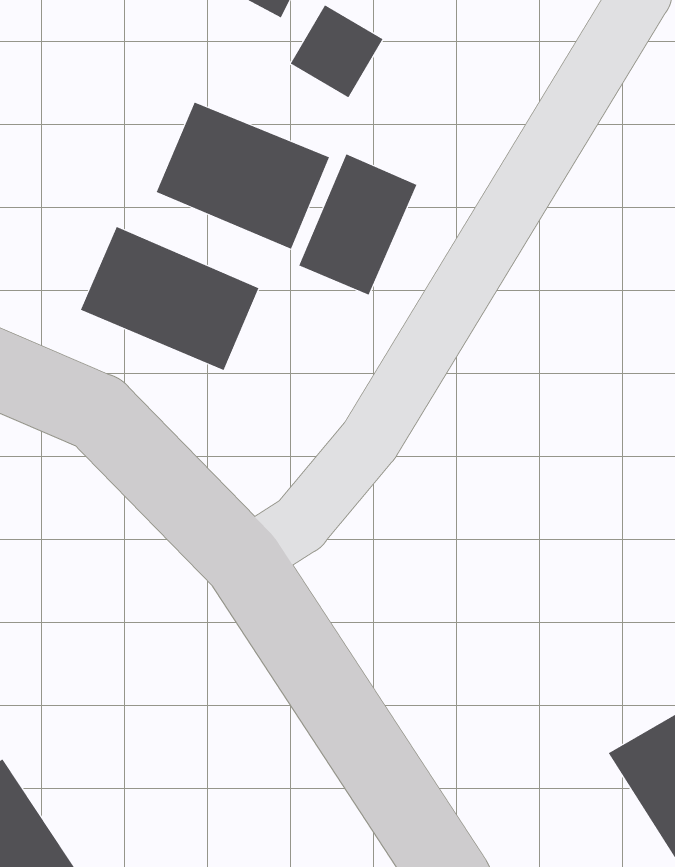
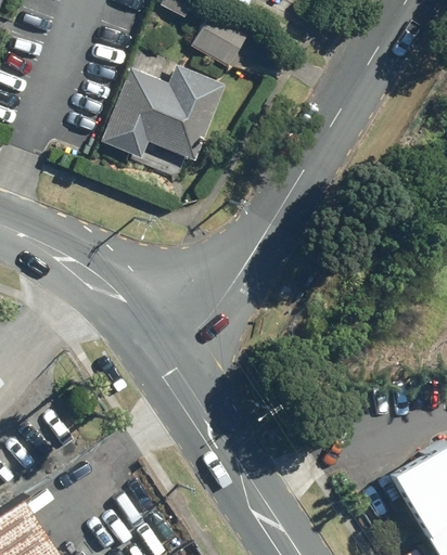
building: [299,154,417,295] -> none
building: [80,226,259,371] -> none

